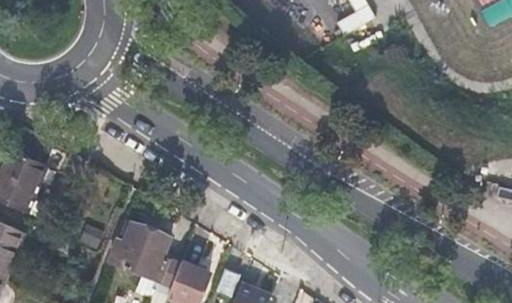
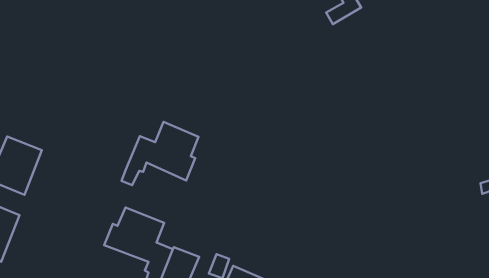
building: none -> [122,122,199,185]

